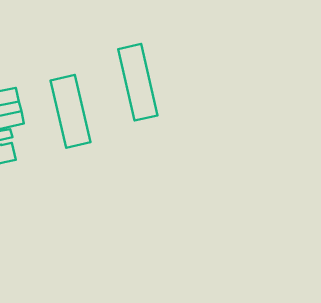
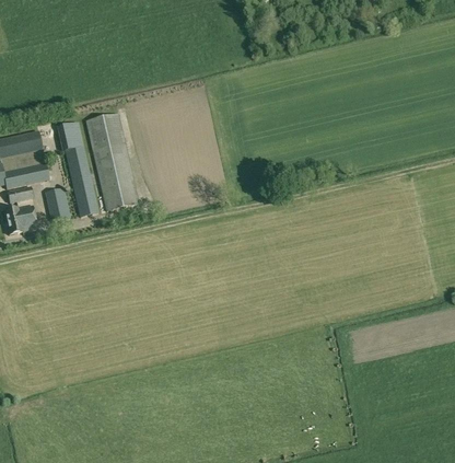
building: [118,44,157,121] -> none
building: none -> [57,120,98,216]
building: none -> [45,186,71,220]

